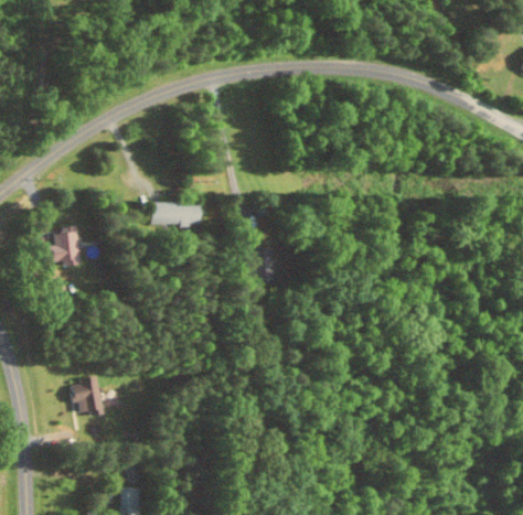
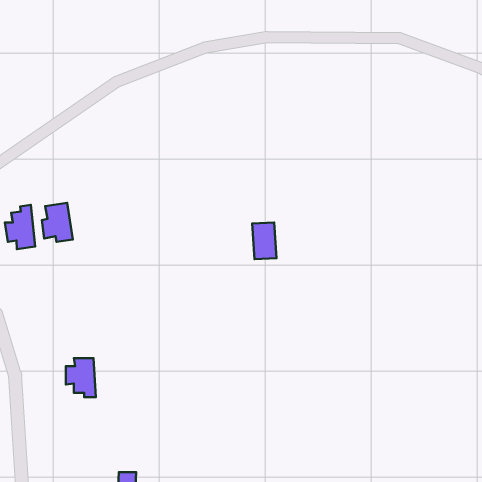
building: [152,203,201,225] -> none
building: none -> [5,205,35,249]

